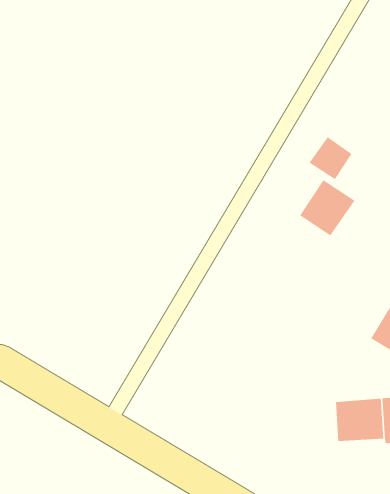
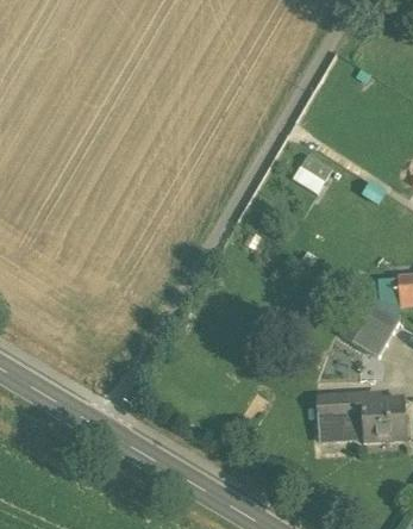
building: [299,179,355,236] -> none

